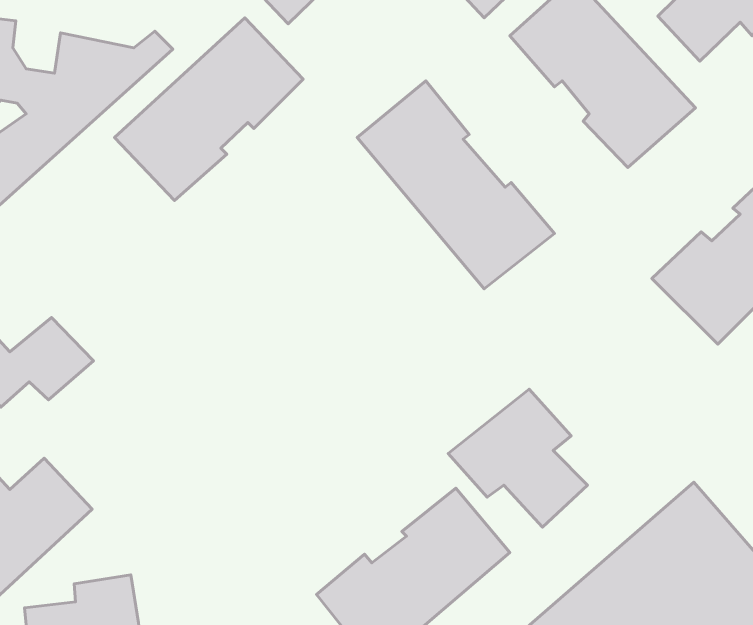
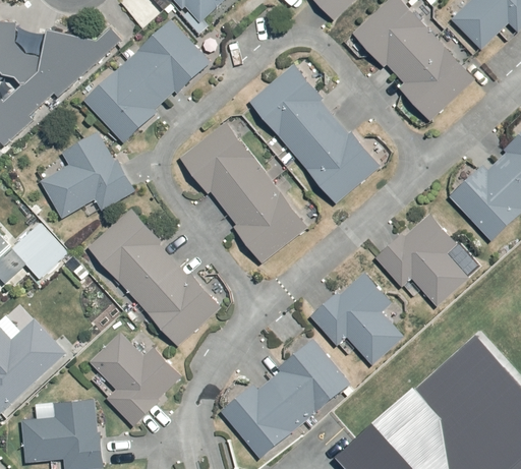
building: none -> [178,122,306,263]
building: none -> [41,131,132,219]
building: none -> [86,208,222,345]
building: none -> [374,215,468,306]
building: none -> [88,333,182,425]

